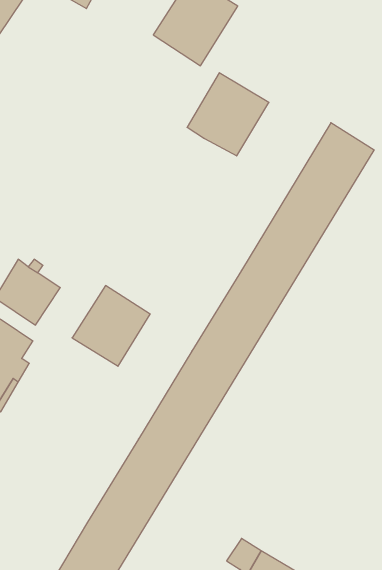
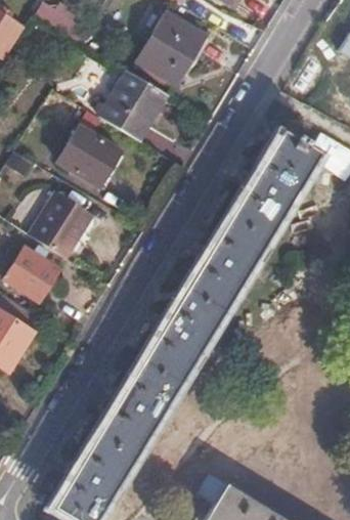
building: [187,73,269,156] -> [98,72,166,140]
building: none -> [56,126,121,187]
building: [72,286,150,366] -> [28,192,92,259]

